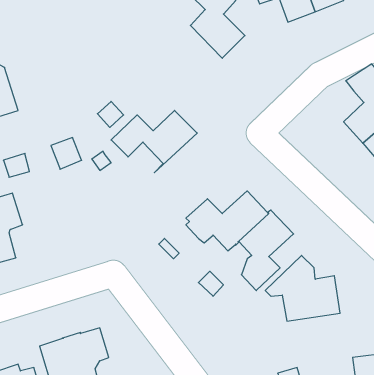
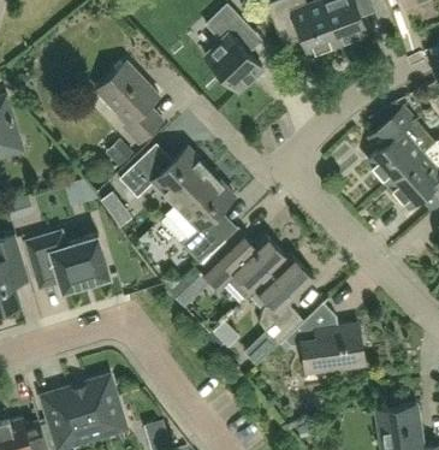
building: none -> [96,63,162,144]
building: none -> [166,173,235,264]
building: none -> [25,236,111,292]

